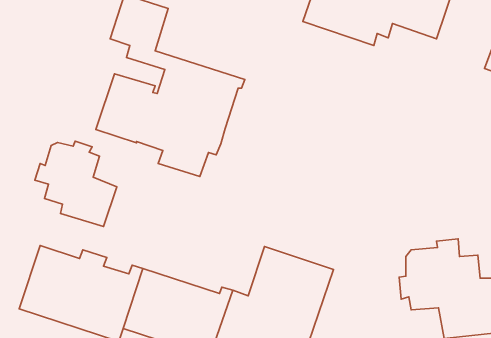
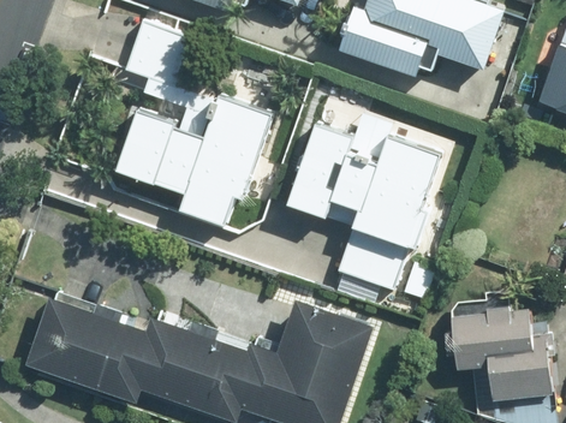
building: none -> [287,112,442,291]
building: [35,141,117,226] -> none

